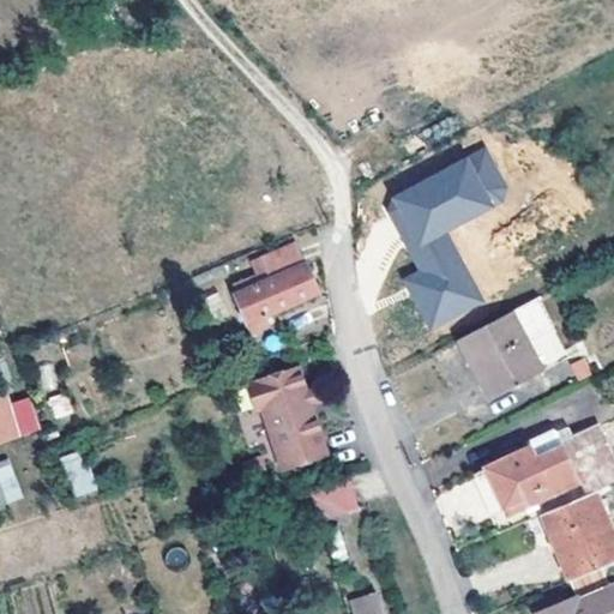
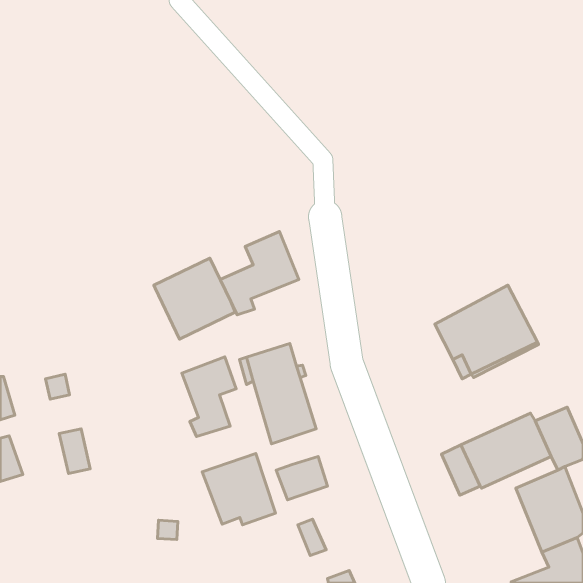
building: [390,145,505,336] -> none
building: none -> [154,258,235,339]
building: none -> [182,357,236,437]
building: none -> [202,453,276,525]

